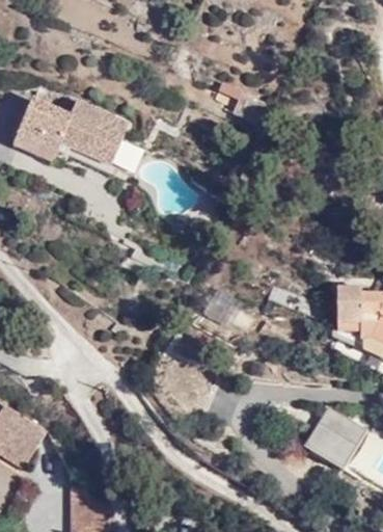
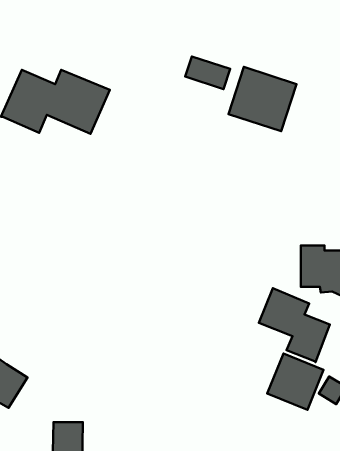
building: none -> [229,67,297,131]
building: none -> [259,288,330,362]

